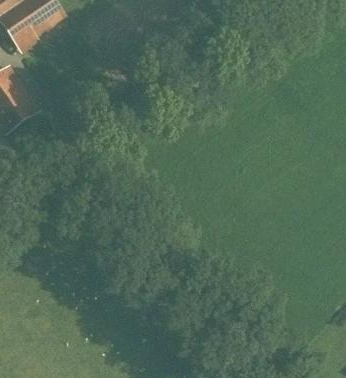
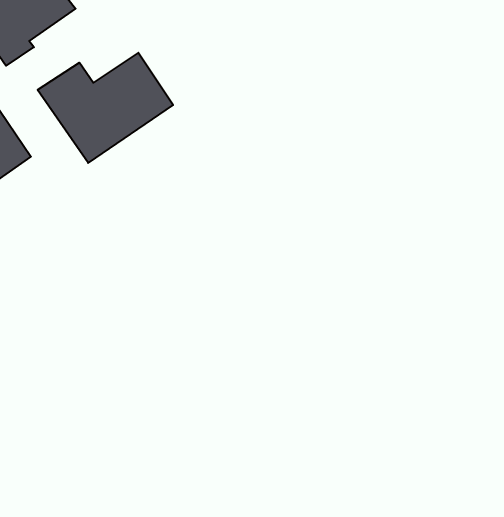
building: none -> [38,53,173,163]

